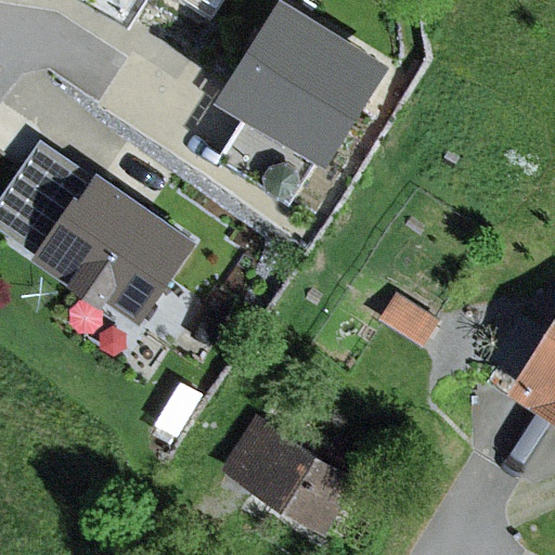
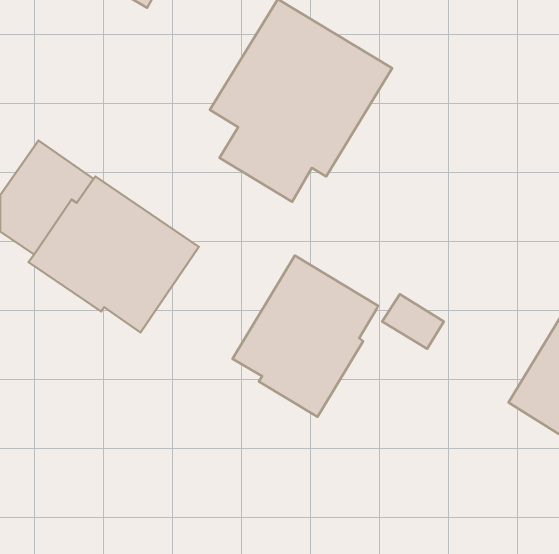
building: none -> [232,256,378,417]
building: [220,415,360,535] -> none

